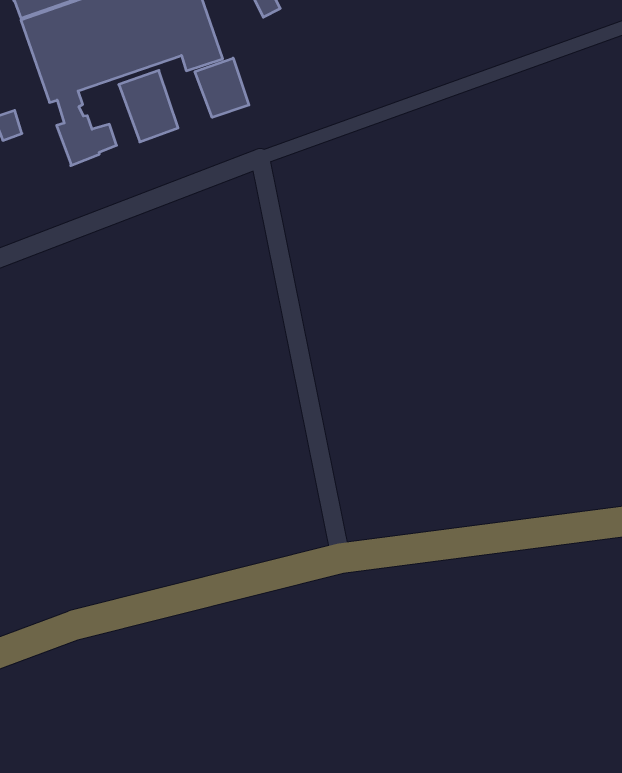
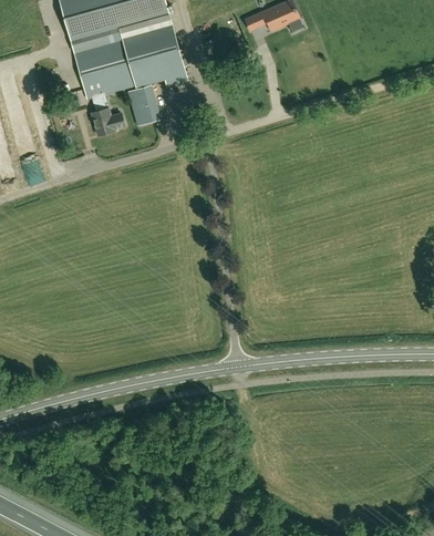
building: [195,58,249,117] -> none

